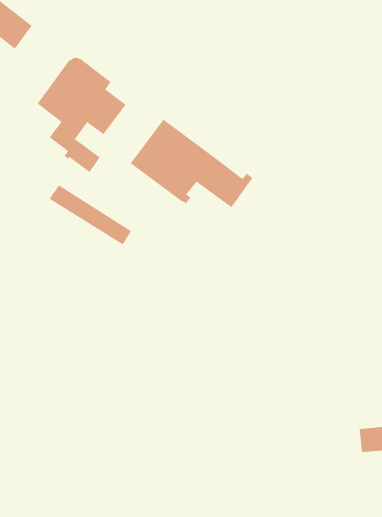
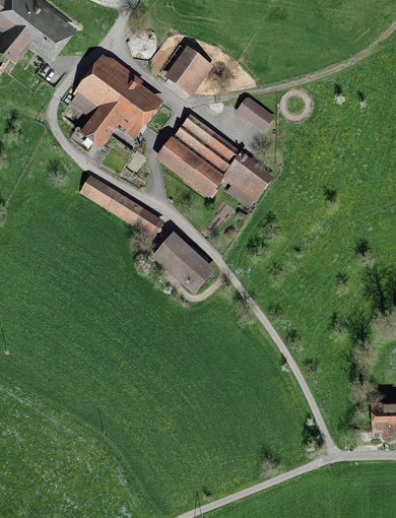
building: none -> [170,50,209,92]
building: none -> [239,99,271,128]
building: none -> [155,237,210,289]

